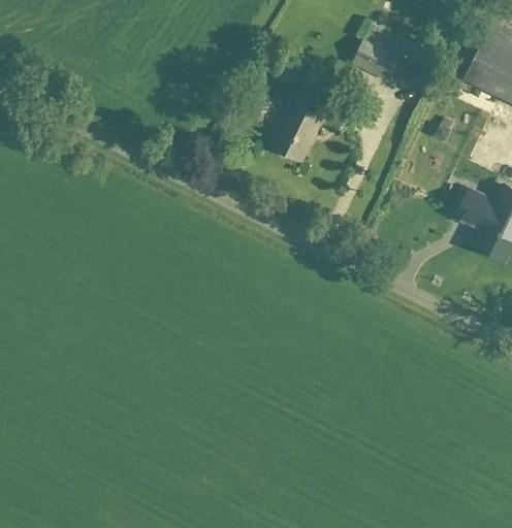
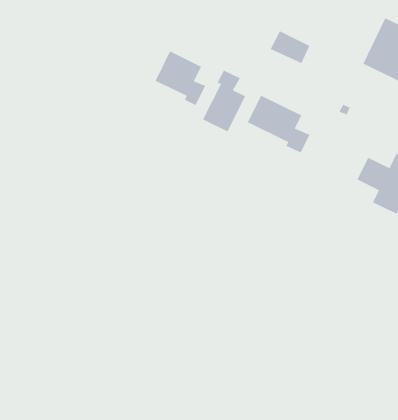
building: none -> [155,51,206,106]
building: none -> [247,95,310,153]

